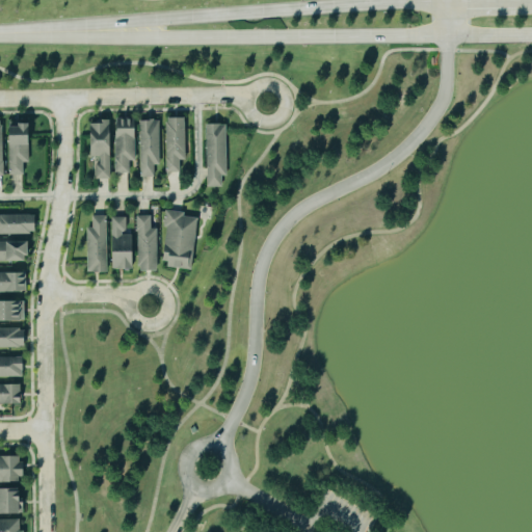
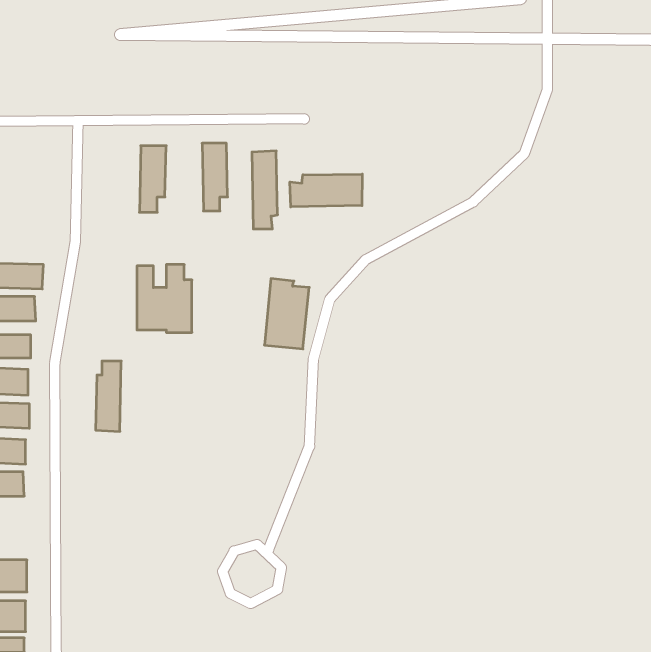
building: [139,119,159,177] -> none
building: [87,121,109,179] -> none
building: [8,122,30,175] -> none
building: none -> [290,174,362,207]
building: [160,210,196,267] -> [264,279,309,349]
building: [85,215,106,272] -> [96,361,121,431]

